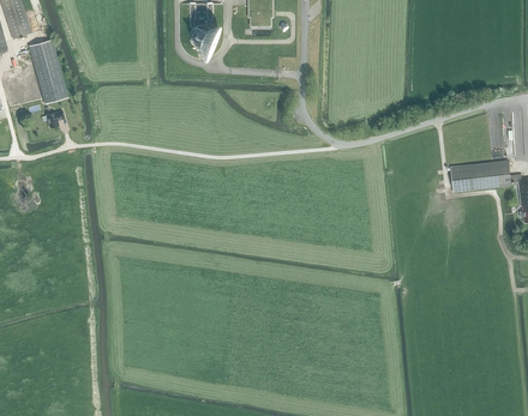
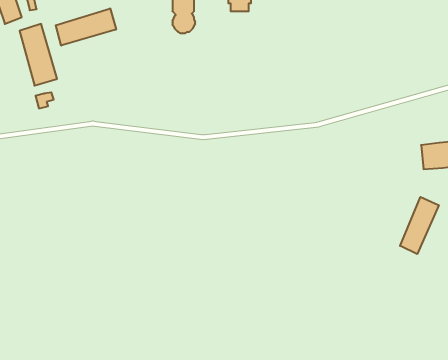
building: none -> [56,8,116,46]
building: none -> [400,197,439,254]

